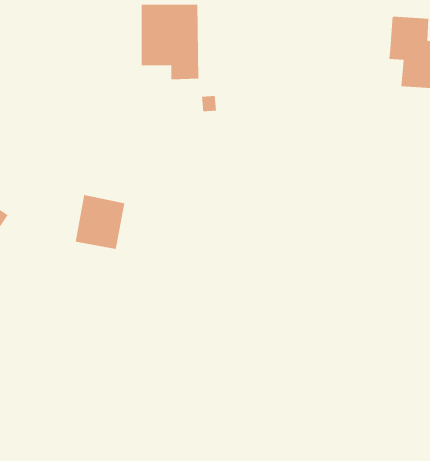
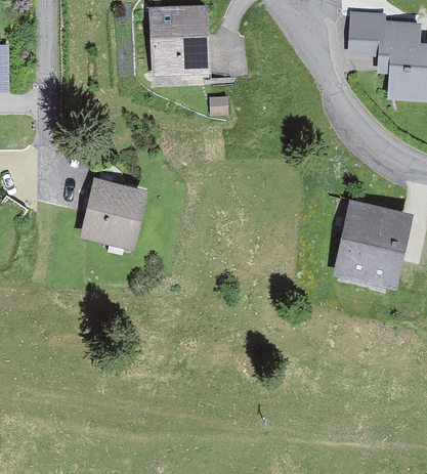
building: none -> [350,12,385,52]
building: none -> [348,213,405,278]

